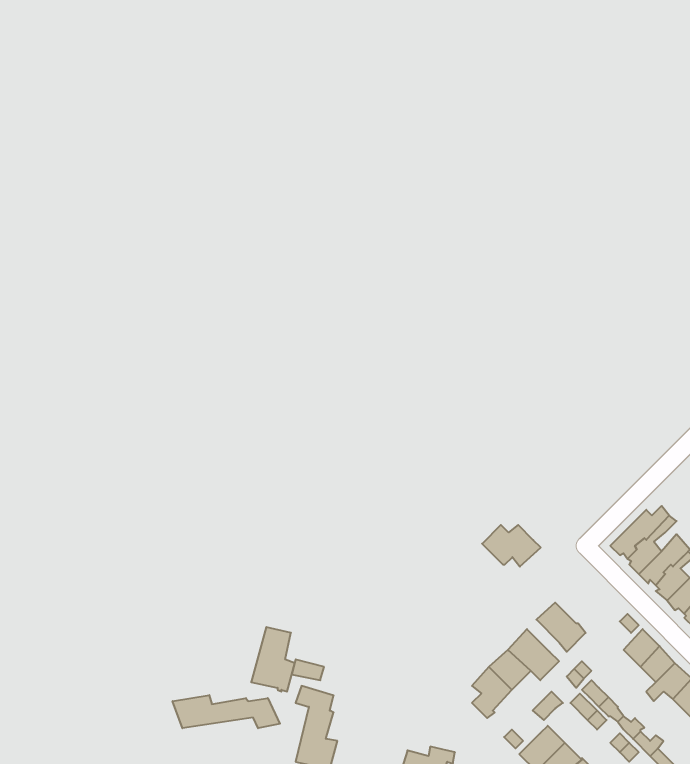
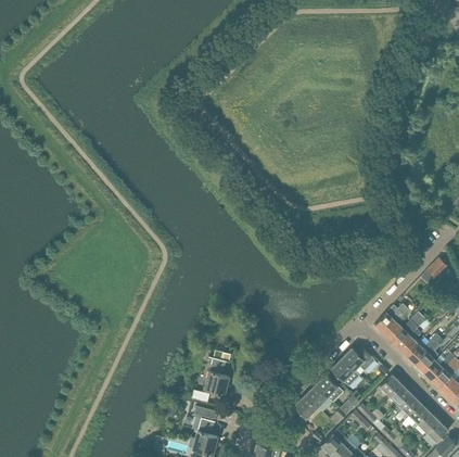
building: [482,525,541,567] -> [342,348,375,372]
building: [251,627,295,692] -> [203,358,228,395]
building: [173,695,280,728] -> none

